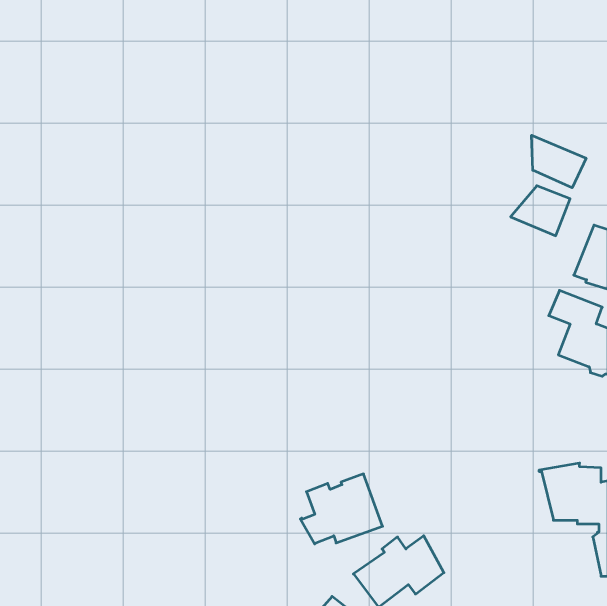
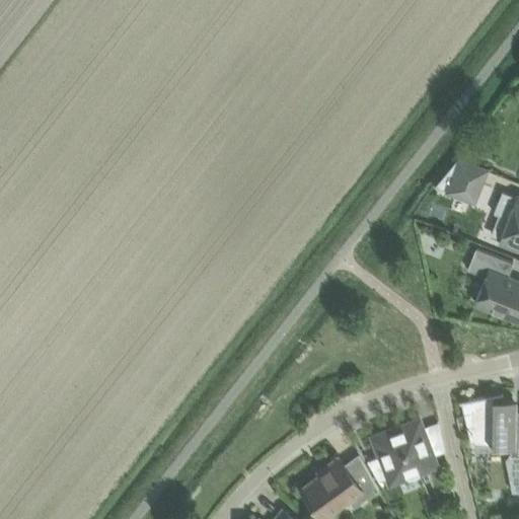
building: [532,135,586,188] -> none
building: [300,474,383,544] -> [368,423,438,483]

